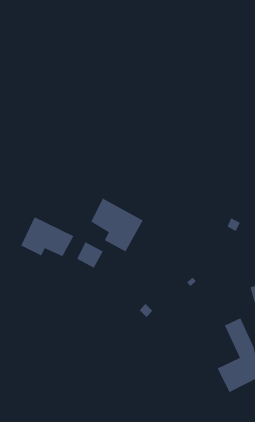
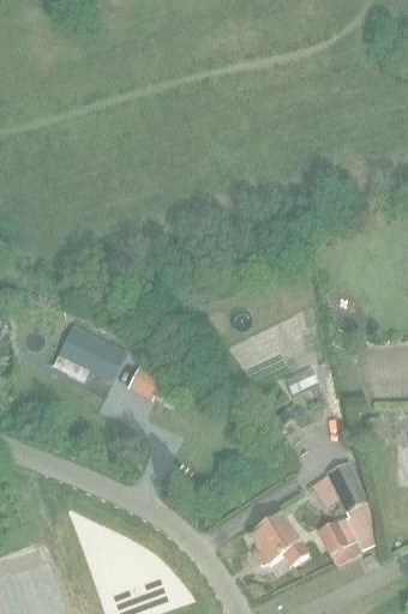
building: [90,197,144,252] -> none
building: none -> [248,512,307,564]

